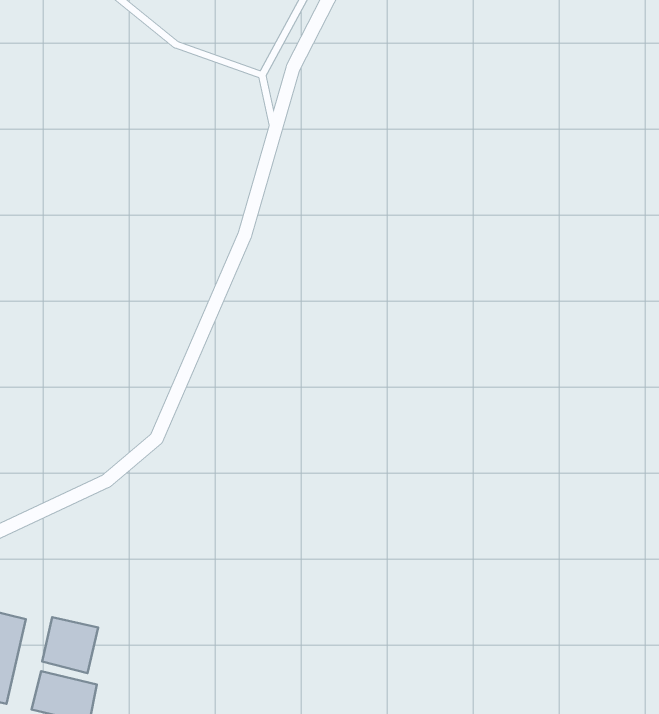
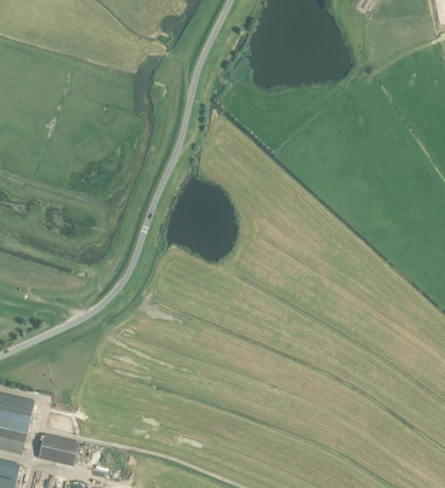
building: [42,617,98,673] -> none

